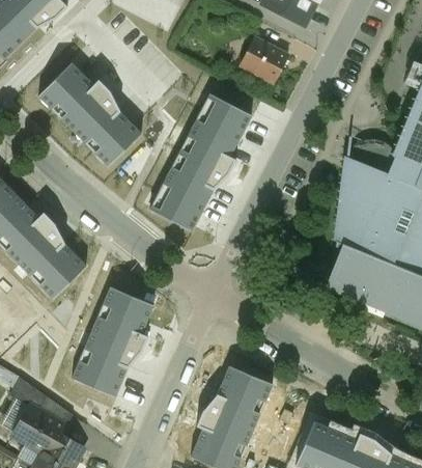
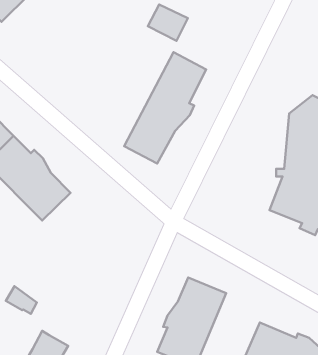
building: [240,38,287,82] -> [148,4,188,41]
building: [39,64,139,164] -> none
building: [72,287,154,397] -> none
building: [12,405,66,452] -> none

